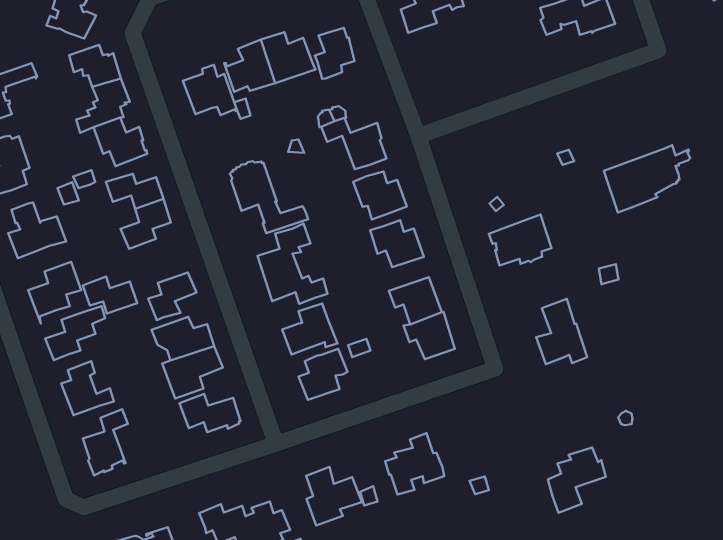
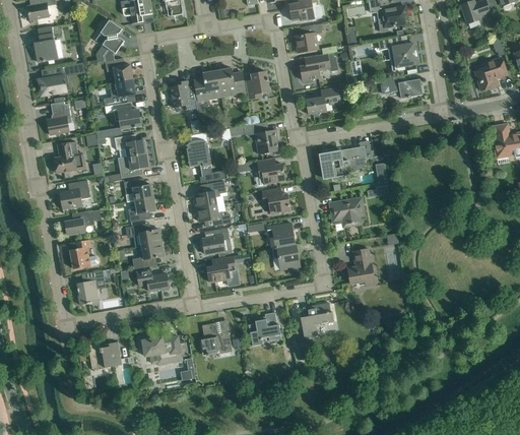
building: none -> [306,86,339,115]
building: [604,145,690,213] -> [322,145,373,179]
building: [83,276,137,313] -> [124,179,153,200]
building: [548,447,606,513] -> [301,303,334,337]

